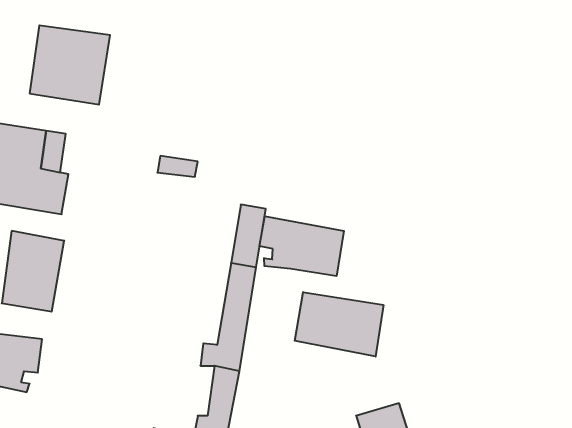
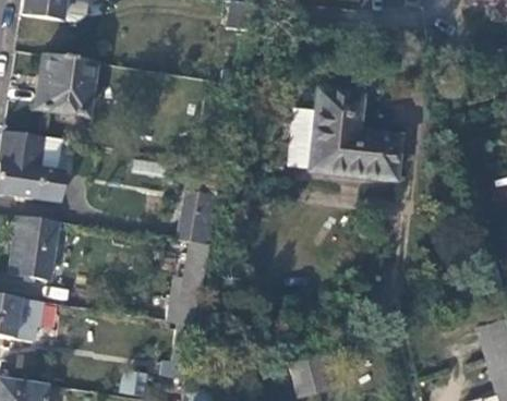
building: none -> [289,83,409,179]
building: [259,216,344,276] -> none
building: [295,292,383,357] -> none

